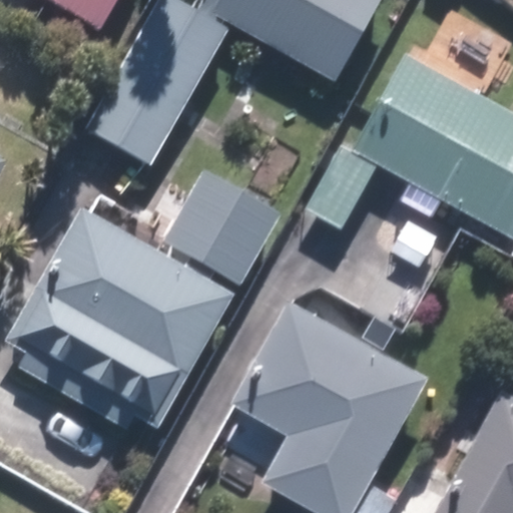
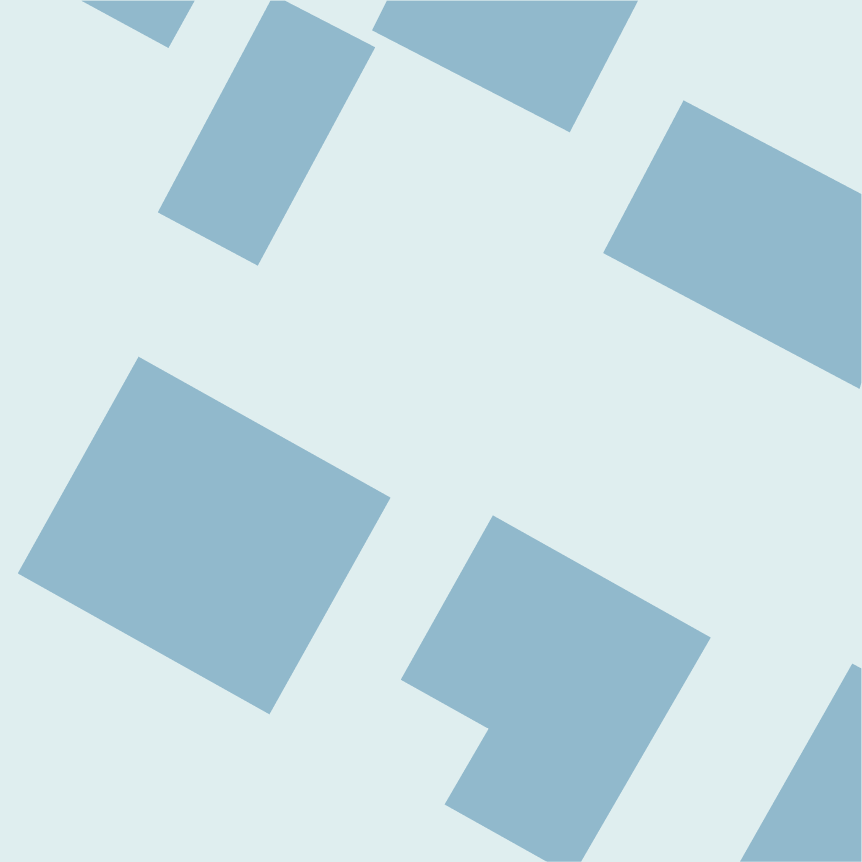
building: [166,173,279,285] -> none

